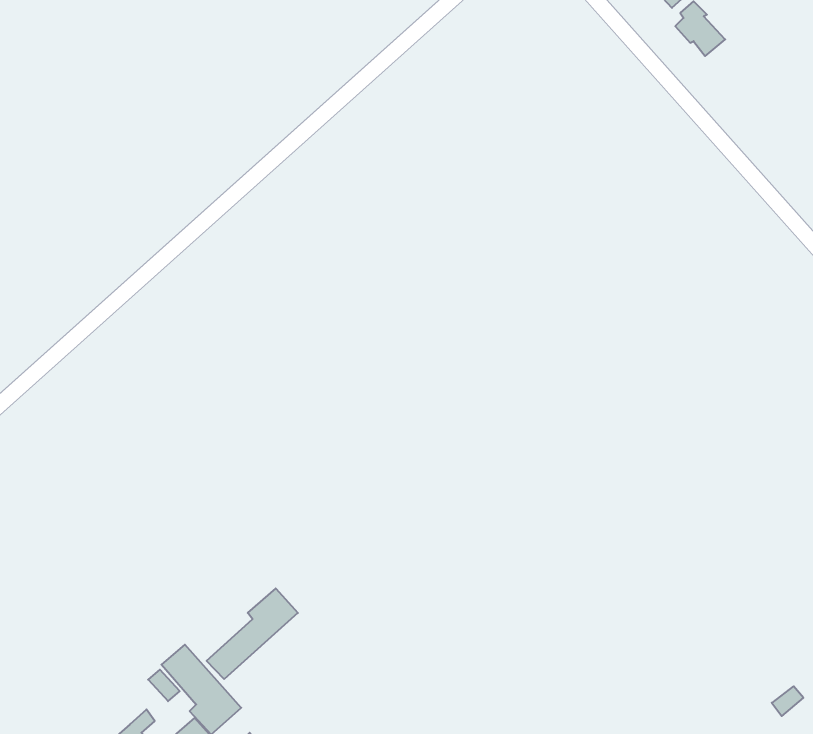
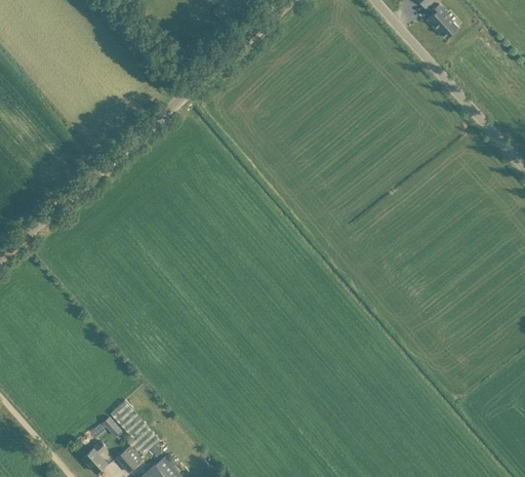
building: [207,588,298,679] -> none

